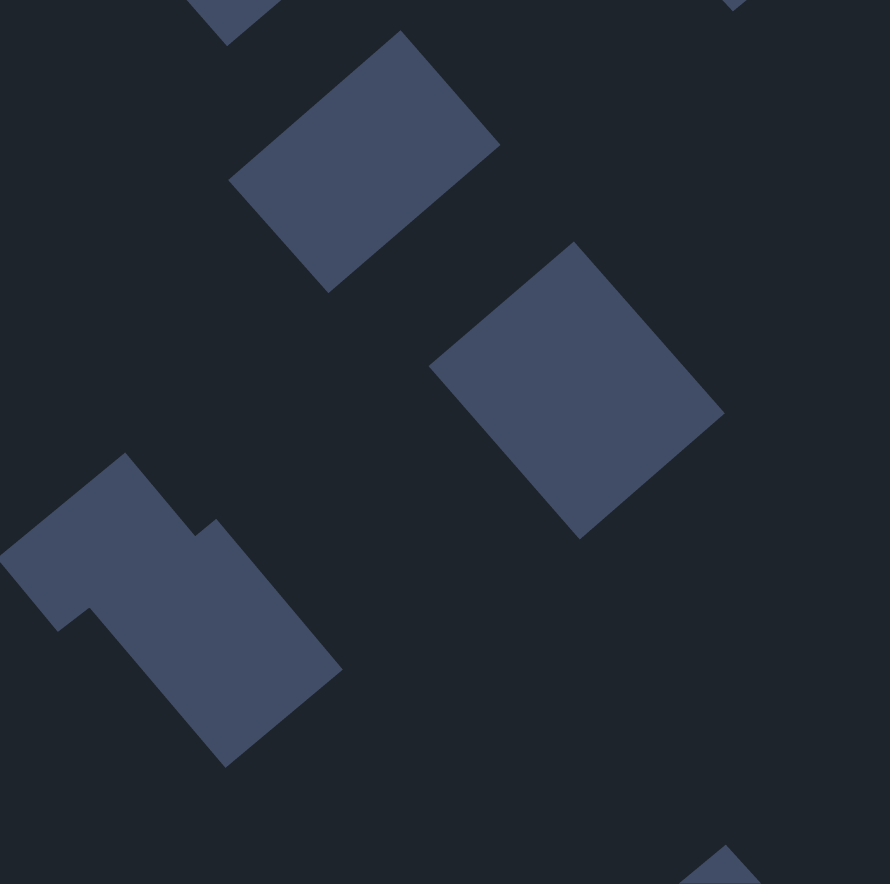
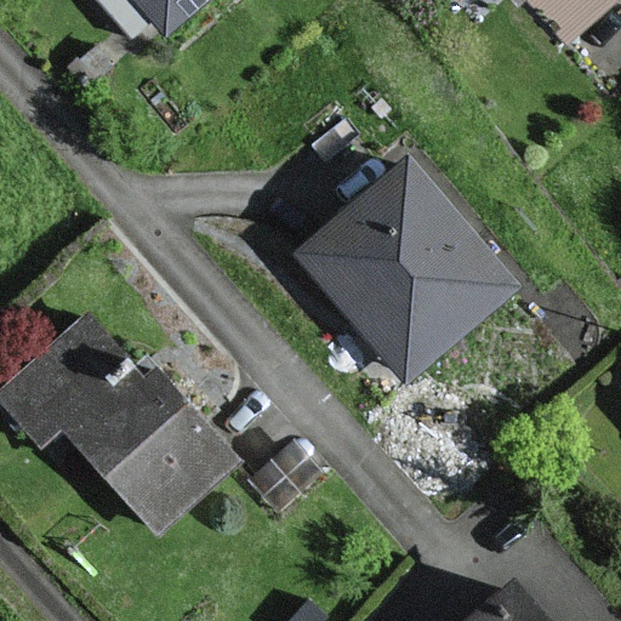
building: [227,29,502,294] -> none

